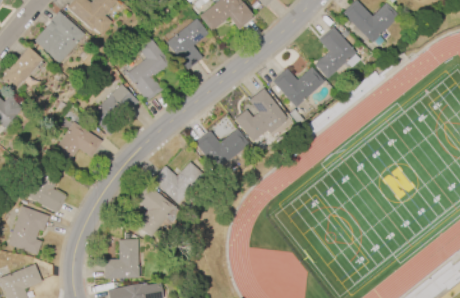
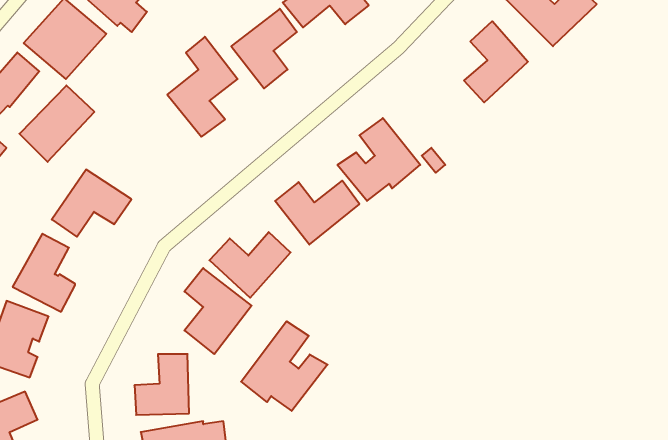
building: [272,67,324,107] -> none
building: [90,84,138,133] -> [19,85,94,162]
building: none -> [241,321,328,411]

